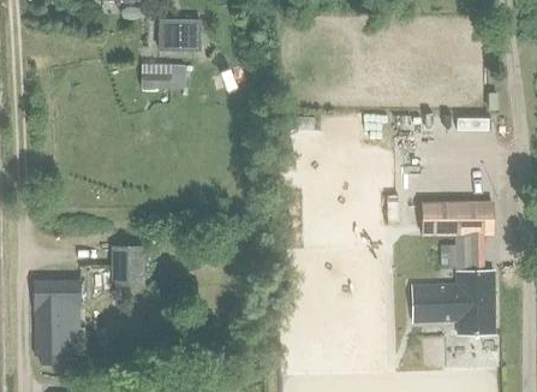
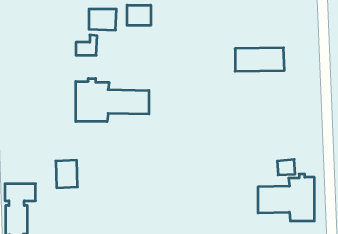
building: none -> [127,5,151,25]
building: none -> [76,78,149,122]
building: [422,201,495,236] -> [235,48,284,71]

